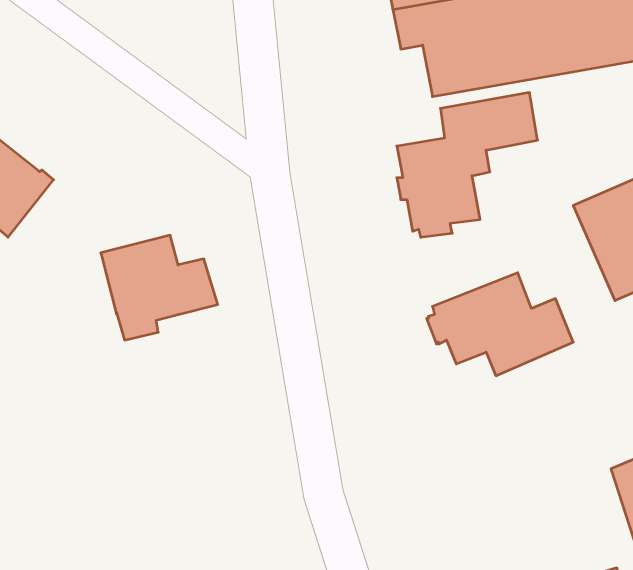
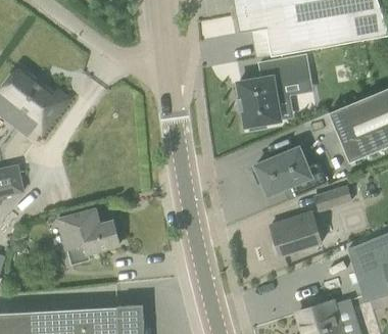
building: [101,235,218,340] -> [59,209,119,264]
building: none -> [314,187,349,212]
building: none -> [271,212,322,256]

